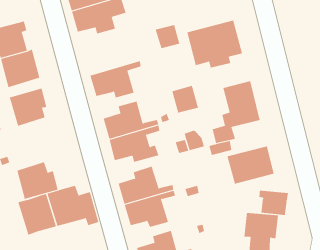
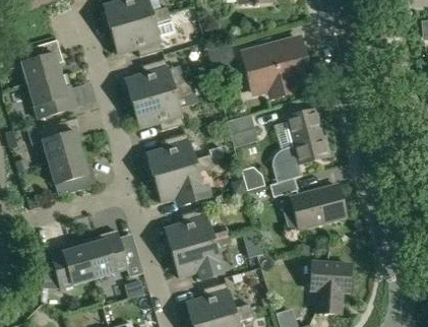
building: none -> [124,58,190,103]
building: [16,162,59,199] -> [48,151,97,195]
building: [259,190,289,216] -> none

